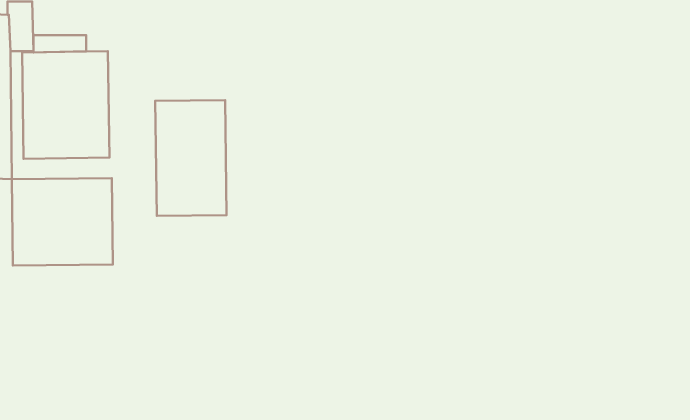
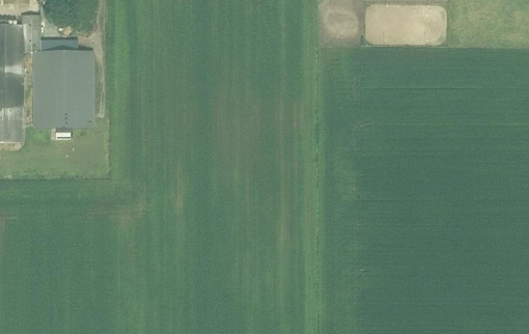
building: [155,100,227,216] -> none
building: [12,178,113,266] -> none

